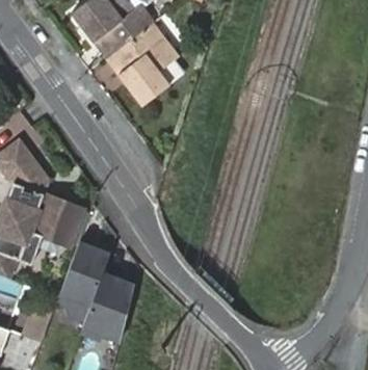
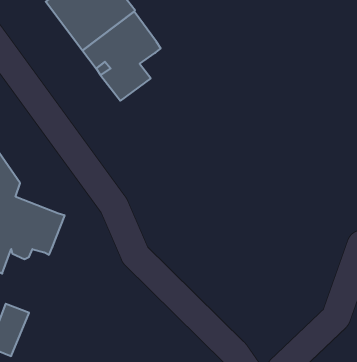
building: [57,241,134,342] -> none

